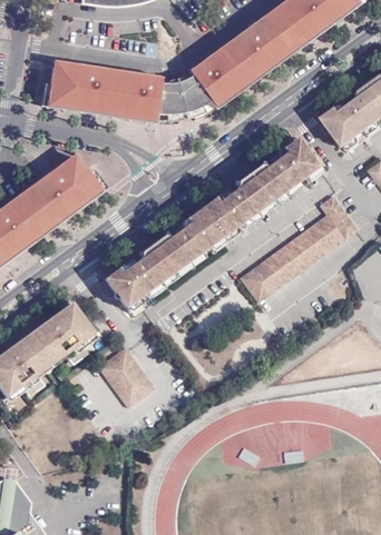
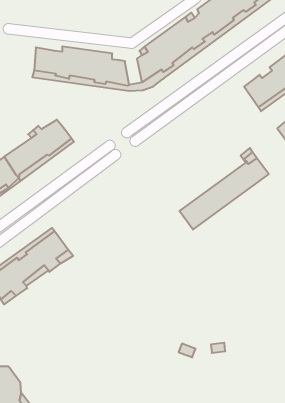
building: [168,80,190,115] -> none
building: [102,135,319,307] -> none
building: [100,347,156,407] -> none

